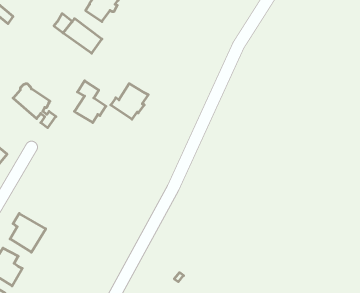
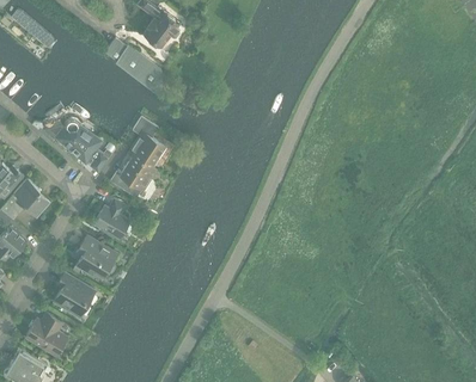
building: [111,84,148,119] -> [110,155,154,197]
building: none -> [92,198,132,238]
building: none -> [74,235,116,277]

